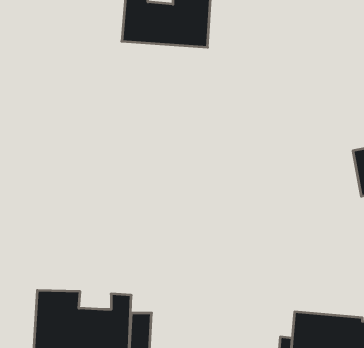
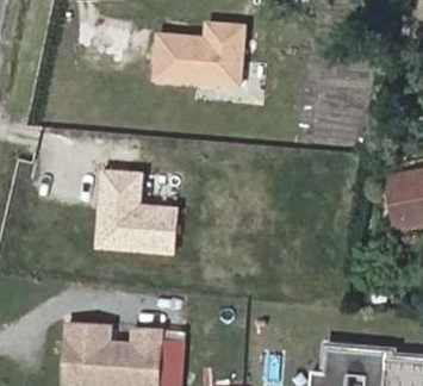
building: none -> [93,174,173,259]

